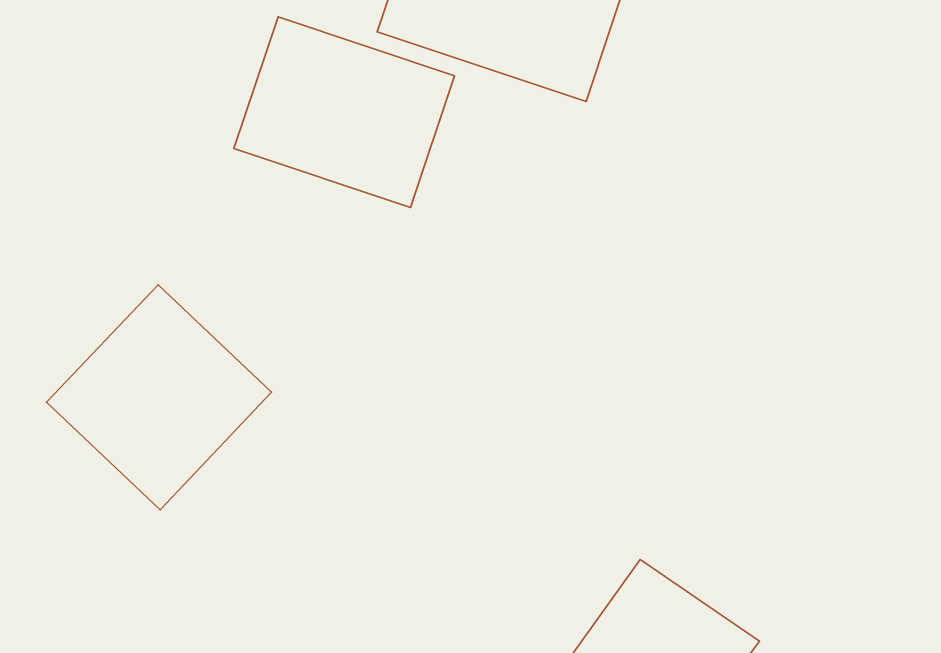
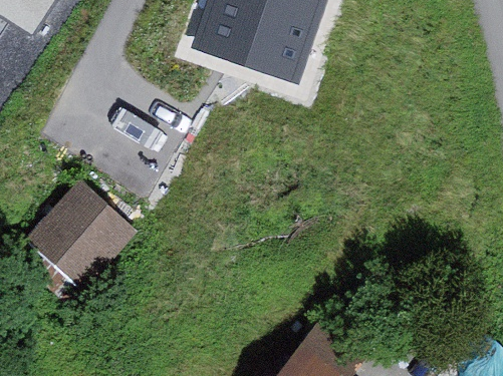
building: [234,17,455,207] -> none

